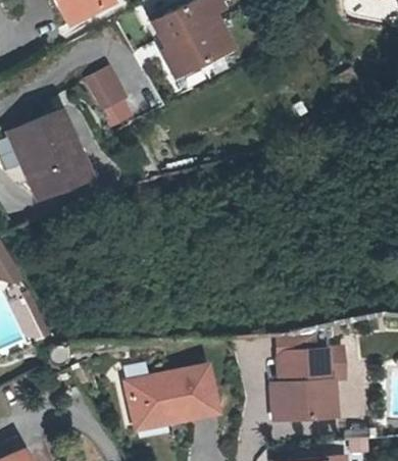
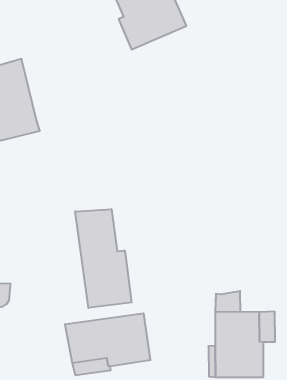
building: [85,66,129,114] -> none
building: none -> [75,209,131,308]

